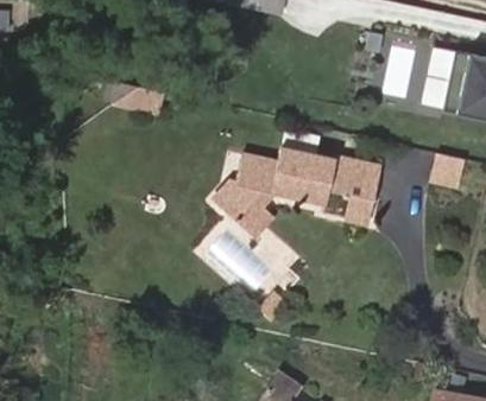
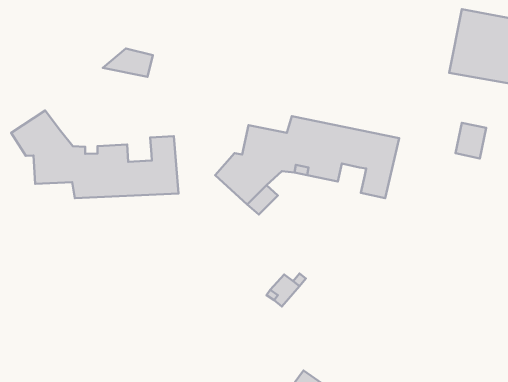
building: none -> [11,110,179,198]

